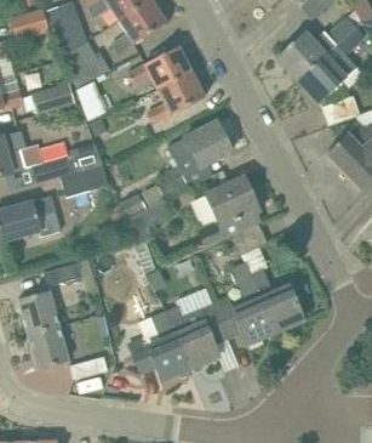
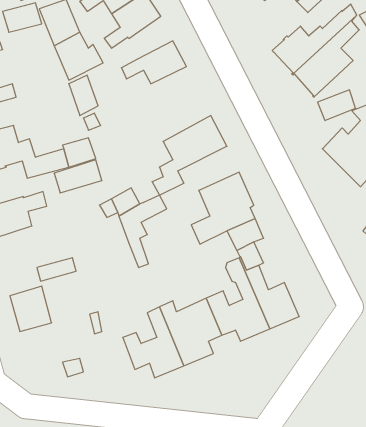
building: [149,72,205,123] -> none
building: [32,83,75,113] -> none
building: [28,325,69,369] -> none

